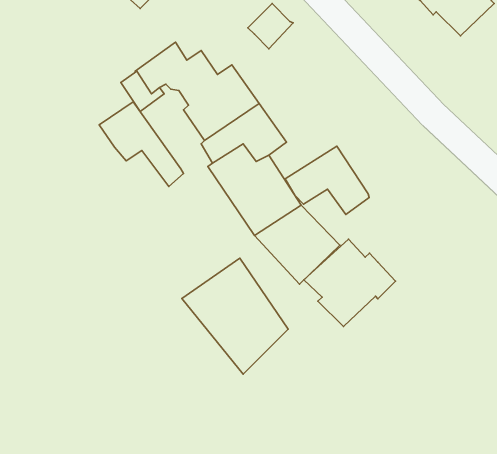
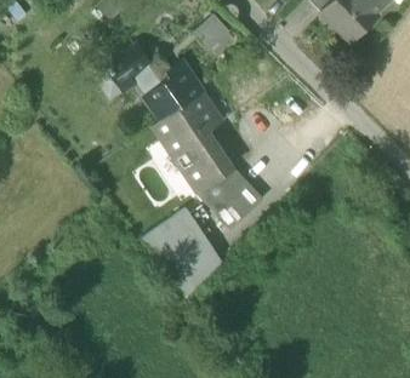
building: [99,102,184,186] -> none
building: [285,146,369,214] -> none
building: [304,239,396,326] -> none

